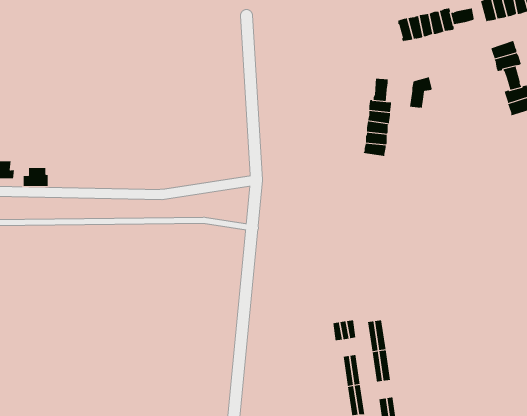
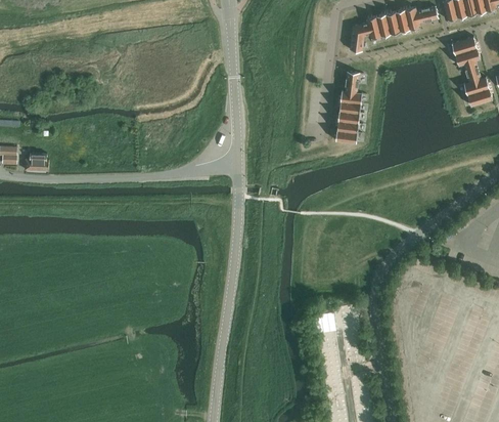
building: [409,77,433,108] -> [350,24,371,52]

